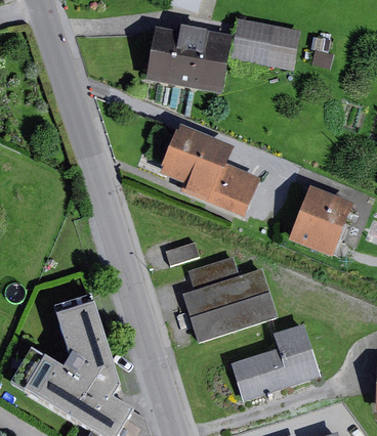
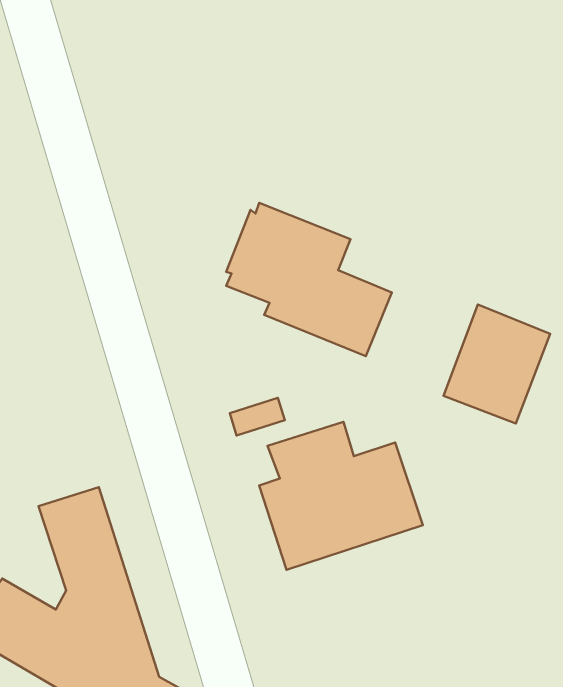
building: [145,16,300,95] -> none
building: [231,321,323,401] -> none

